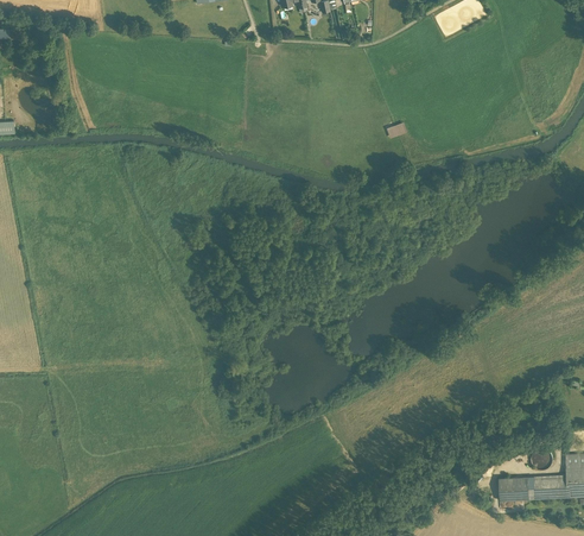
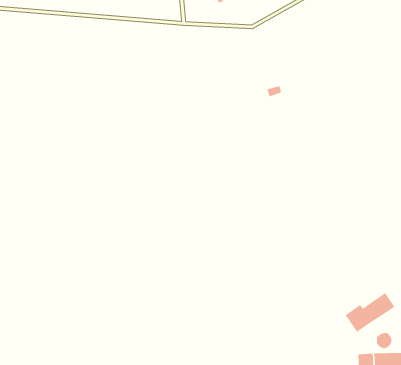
building: none -> [345,292,395,333]

